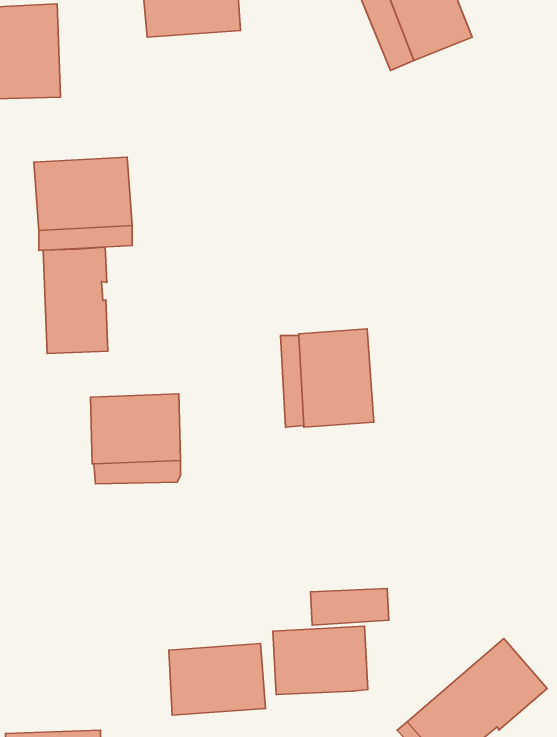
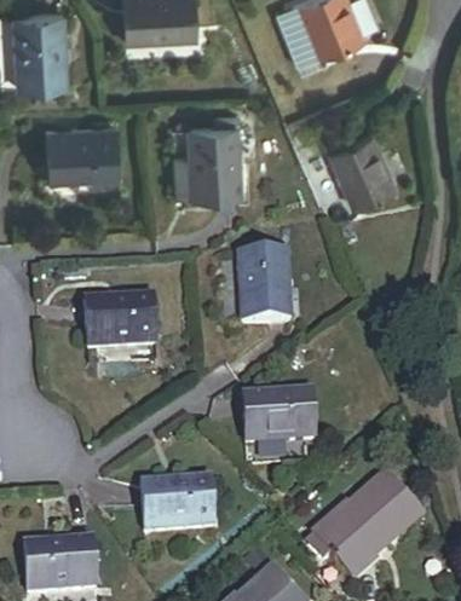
building: none -> [175,123,241,193]
building: none -> [332,133,396,203]
building: [43,247,108,353] -> none
building: [273,626,368,695] -> [244,391,313,440]

